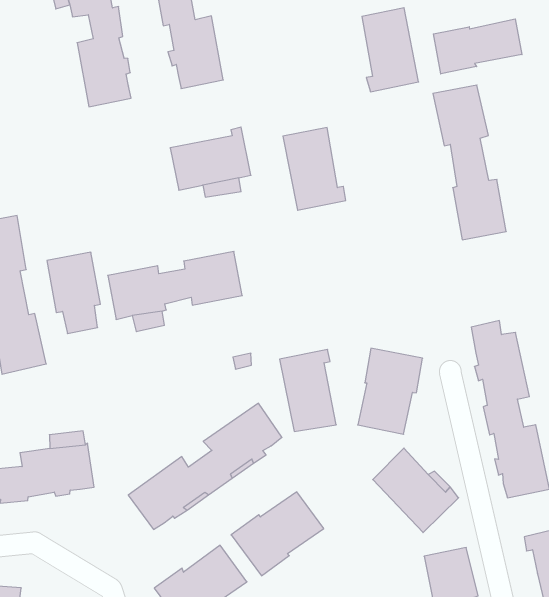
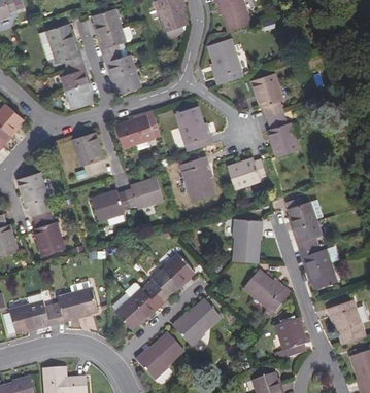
building: [433,19,522,74] -> none
building: none -> [228,157,266,188]
building: [47,252,100,334] -> [73,131,104,175]
building: [280,349,336,431] -> [180,155,214,201]

